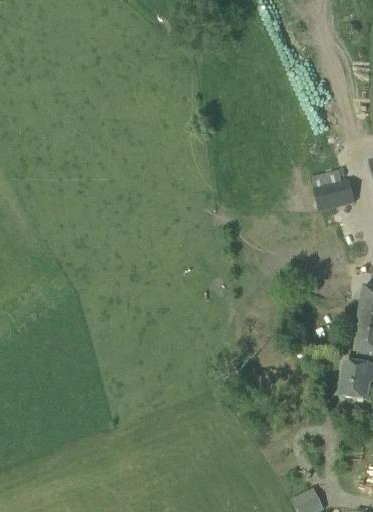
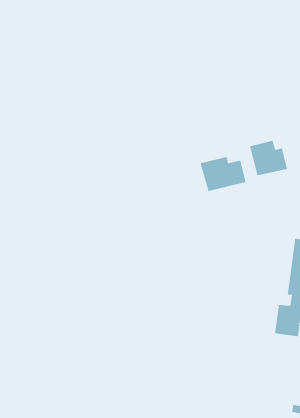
building: none -> [200,156,246,192]

